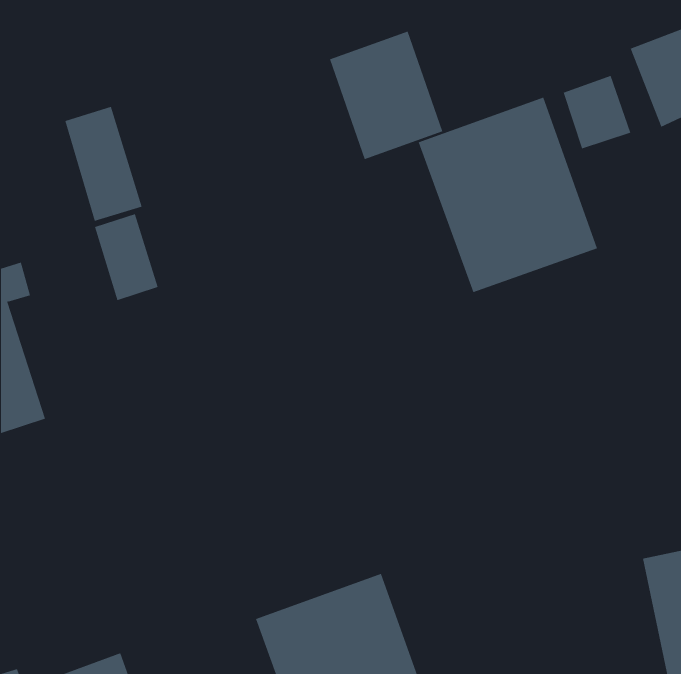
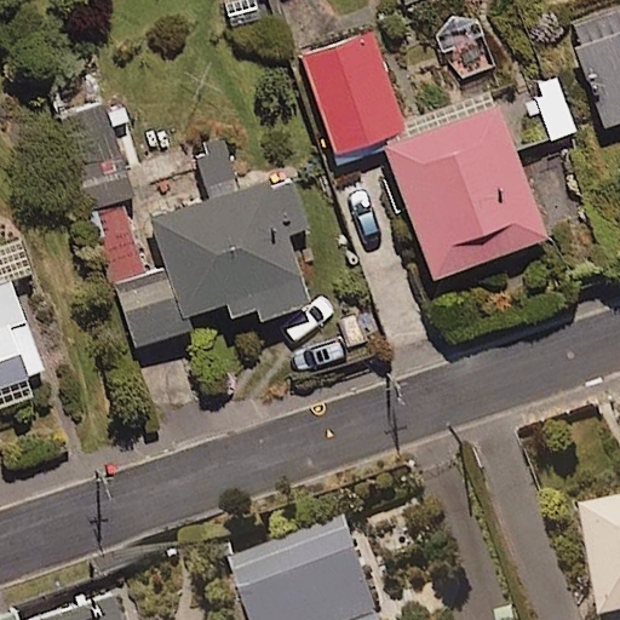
building: none -> [116,150,308,345]

